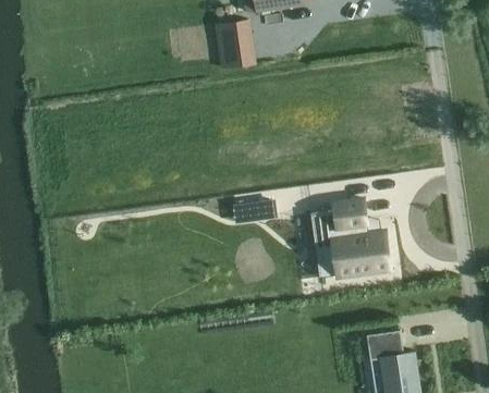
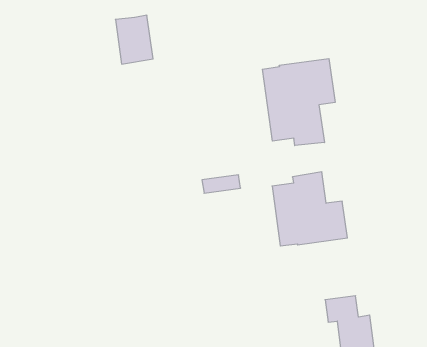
building: [215,19,255,71] -> [115,15,153,64]
building: none -> [262,59,335,146]

